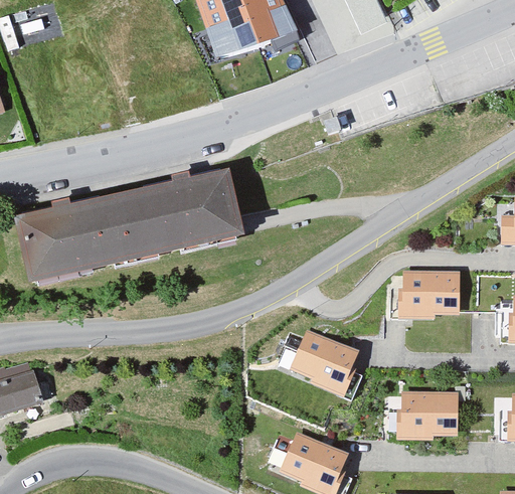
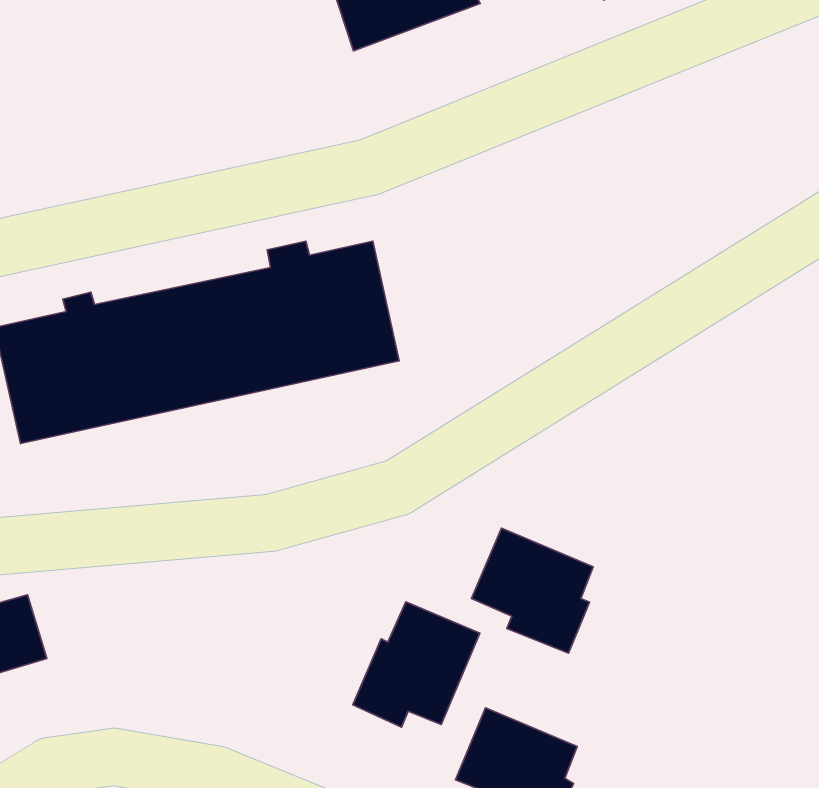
building: [396,272,459,320] -> none
building: none -> [353,602,480,727]
building: [394,393,457,442] -> none

